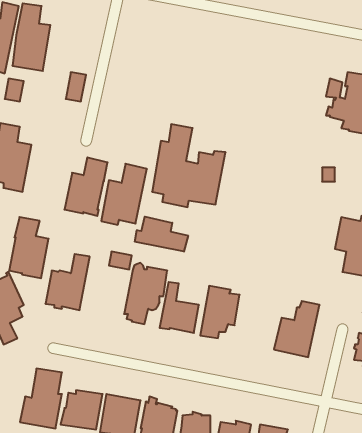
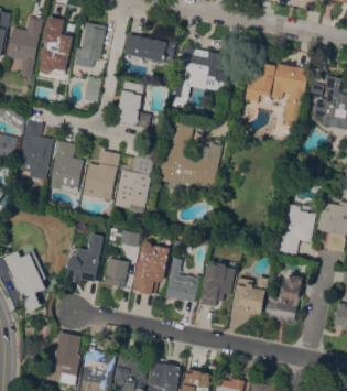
building: none -> [74,22,105,67]
building: none -> [122,33,175,64]
building: none -> [172,45,228,105]
building: none -> [246,59,308,126]
building: none -> [116,80,151,128]
building: [135,217,188,252] -> none
building: [9,217,49,278] -> [48,141,83,194]
building: none -> [276,204,315,256]
building: none -> [104,258,128,287]
building: none -> [231,276,268,315]

